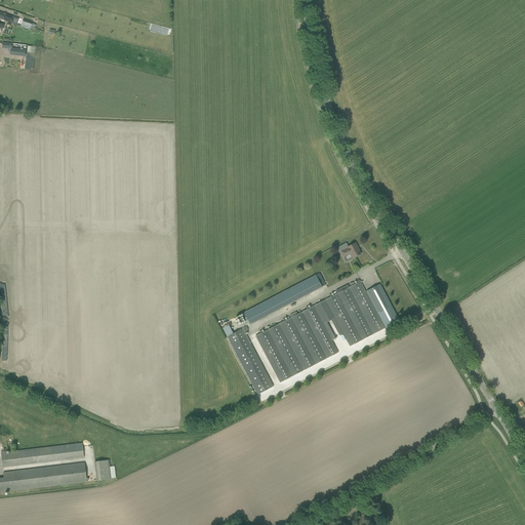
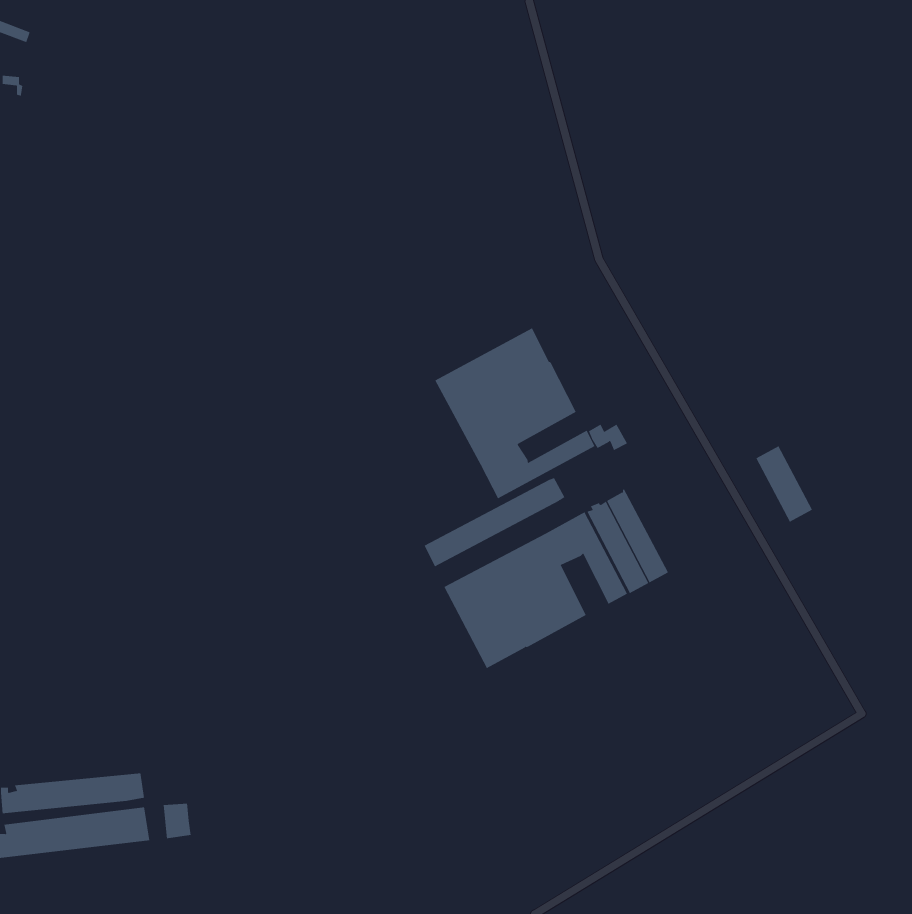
building: none -> [435,328,595,499]
building: [365,284,398,328] -> [755,446,813,522]
building: [227,326,272,395] -> none

